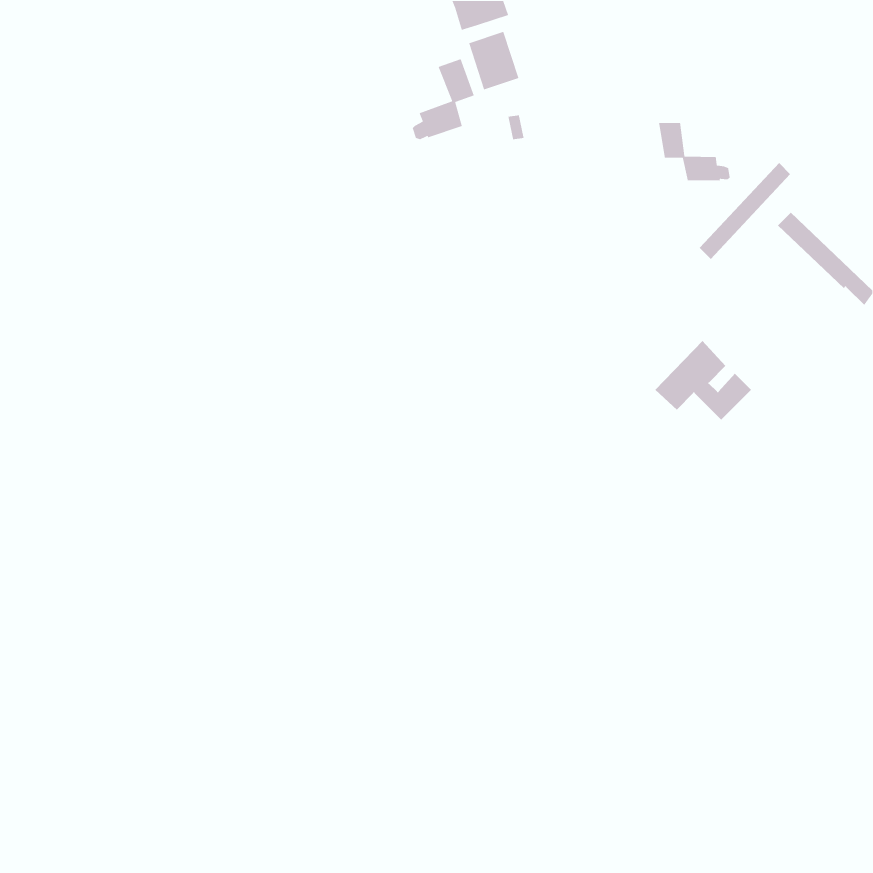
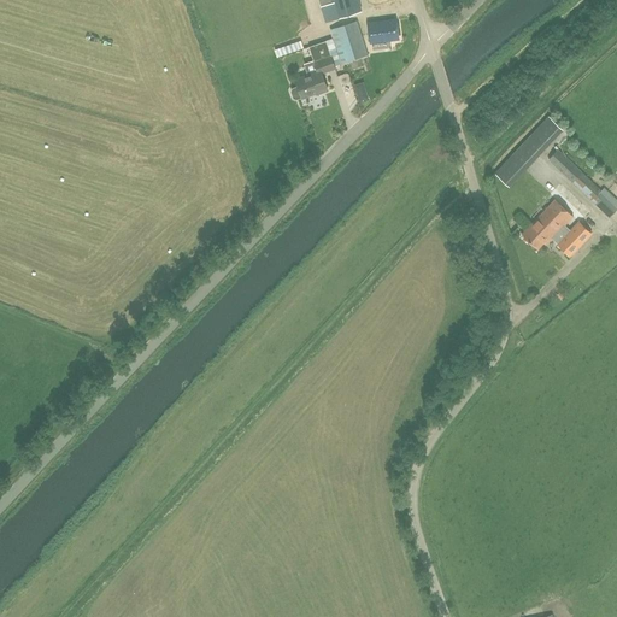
building: none -> [368,19,399,42]
building: [658,122,731,181] -> none
building: [655,340,752,421] -> [522,199,590,255]

